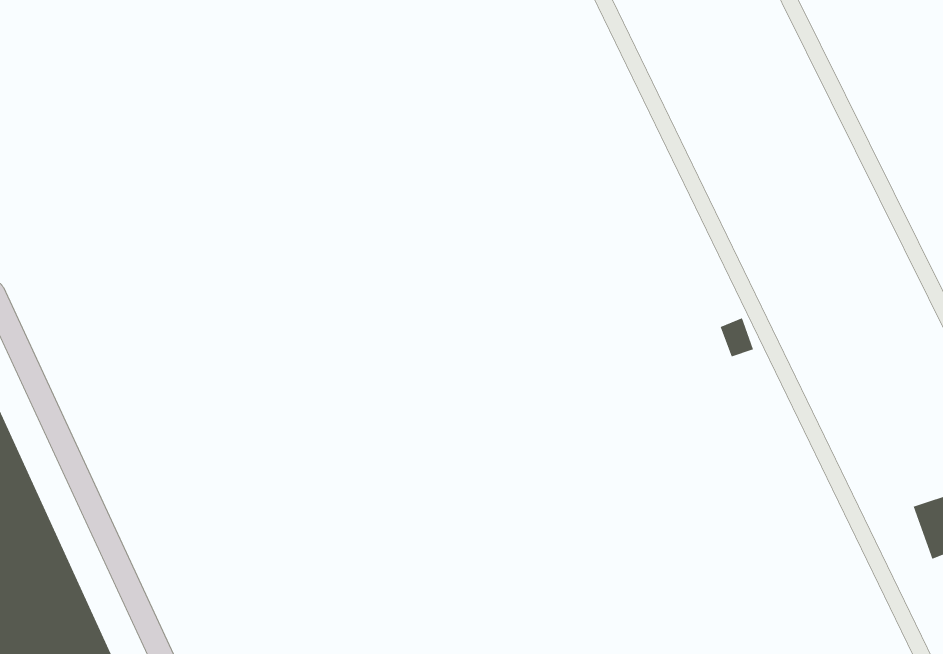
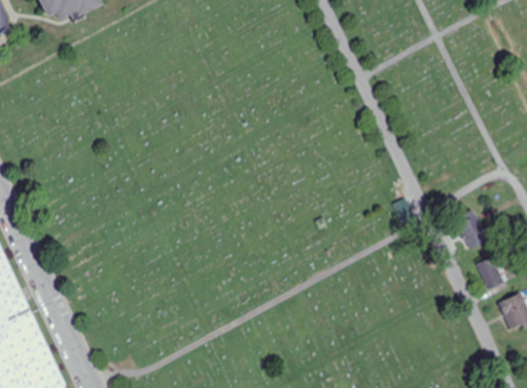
building: none -> [454,210,488,250]
building: none -> [476,253,507,288]

